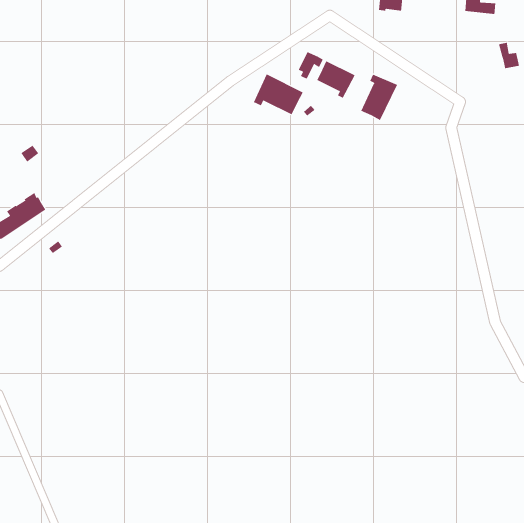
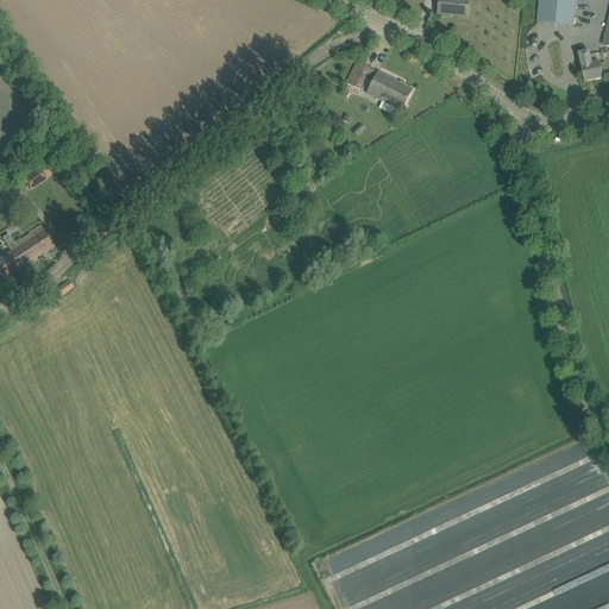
building: [253,74,304,115] -> none
building: [361,74,398,121] -> none

